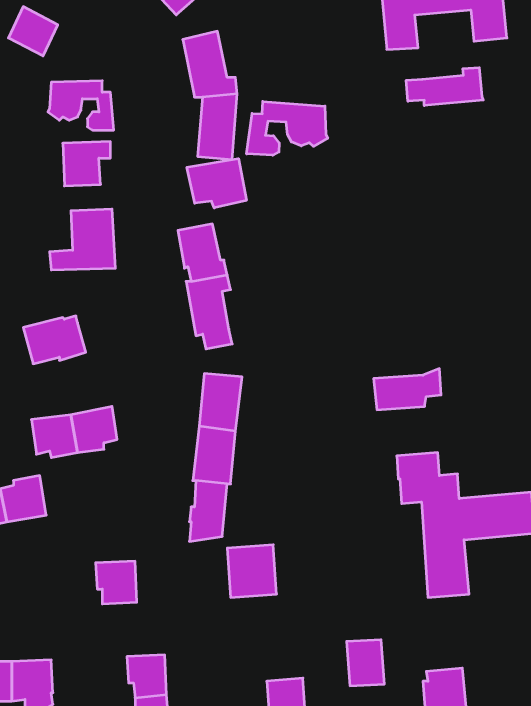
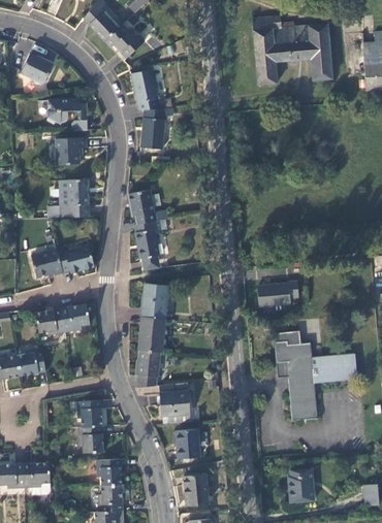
building: [406,68,483,106] -> none
building: [247,101,328,155] -> none
building: [187,159,246,208] -> none
building: none -> [66,246,96,272]
building: none -> [78,427,104,454]
building: [347,640,384,686] -> [177,430,200,459]

